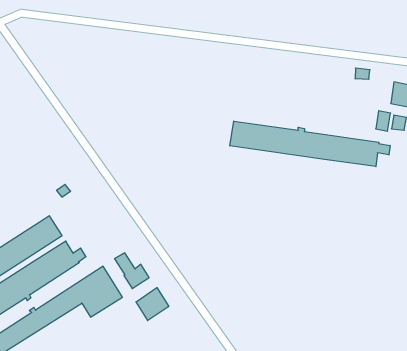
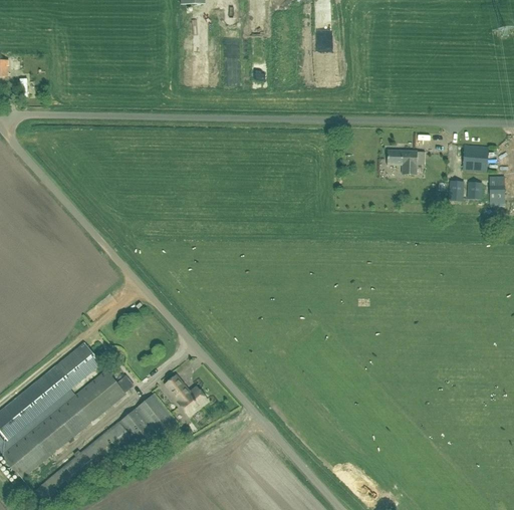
building: none -> [387,150,417,174]
building: [230,121,390,167] -> none
building: [136,288,169,321] -> none

